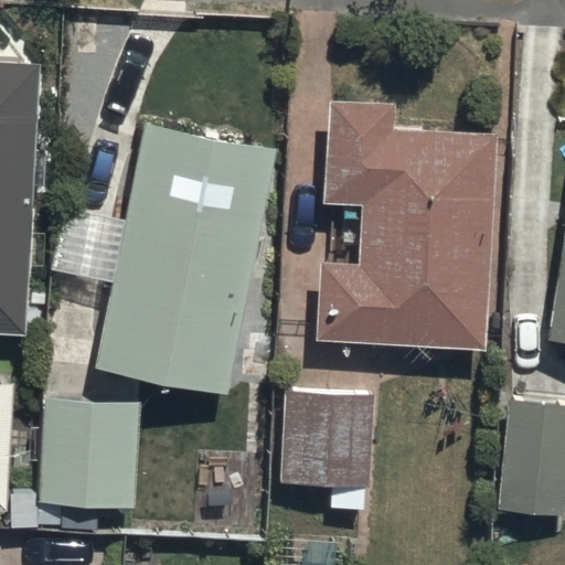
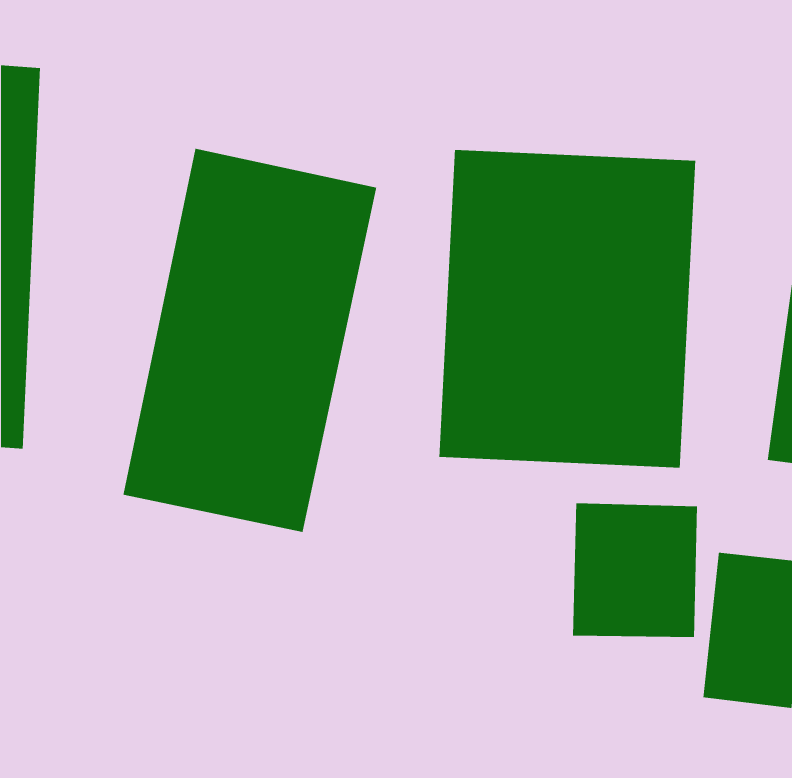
building: [285,401,373,495] -> [572,503,698,638]
building: [43,404,143,516] -> none

